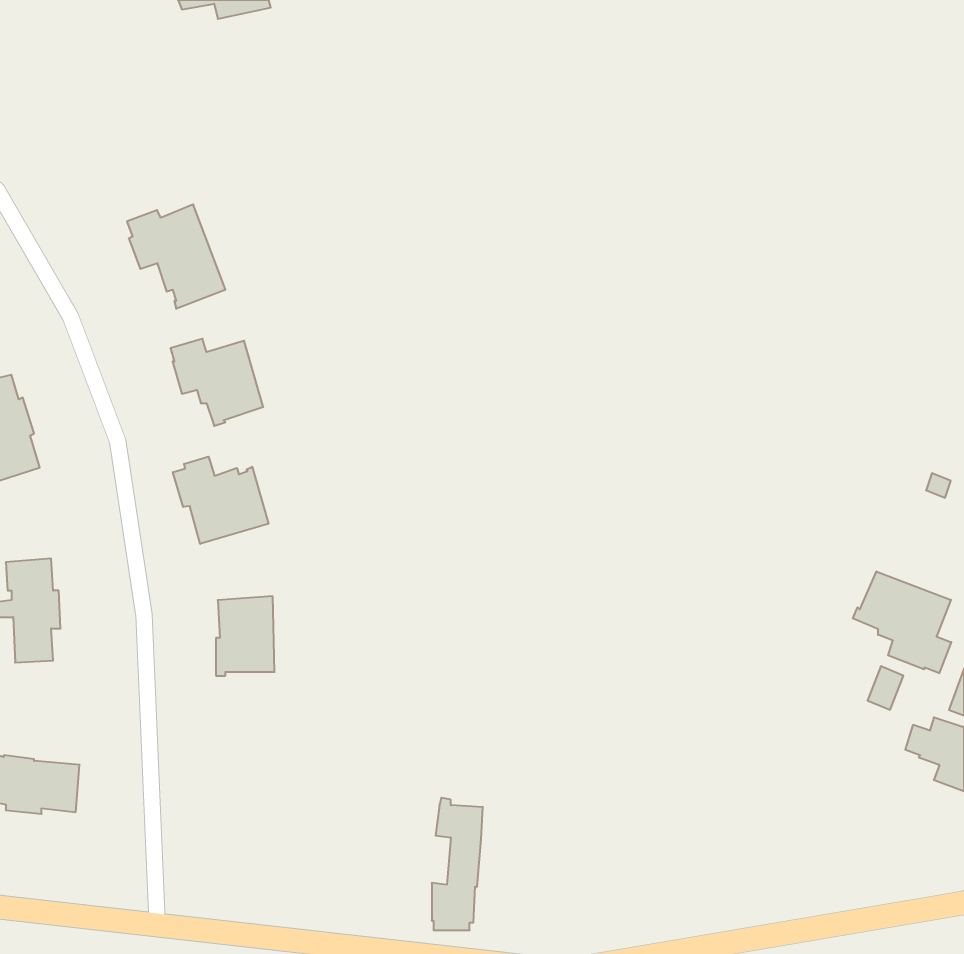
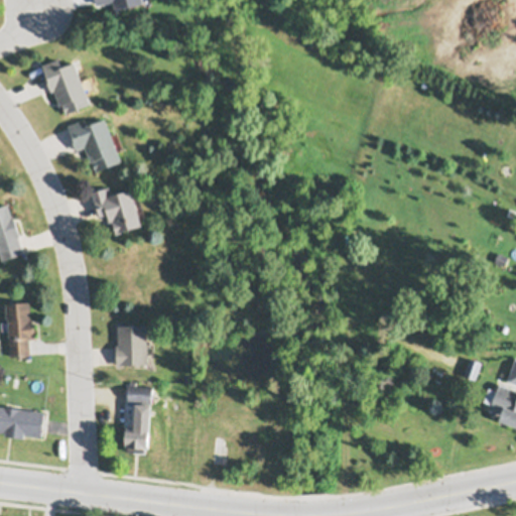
building: none -> [41,57,90,113]
building: [173,457,269,544] -> none
building: [853,571,951,673] -> none
building: [432,798,483,930] -> [124,383,151,454]

